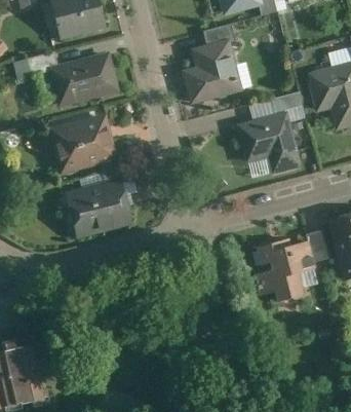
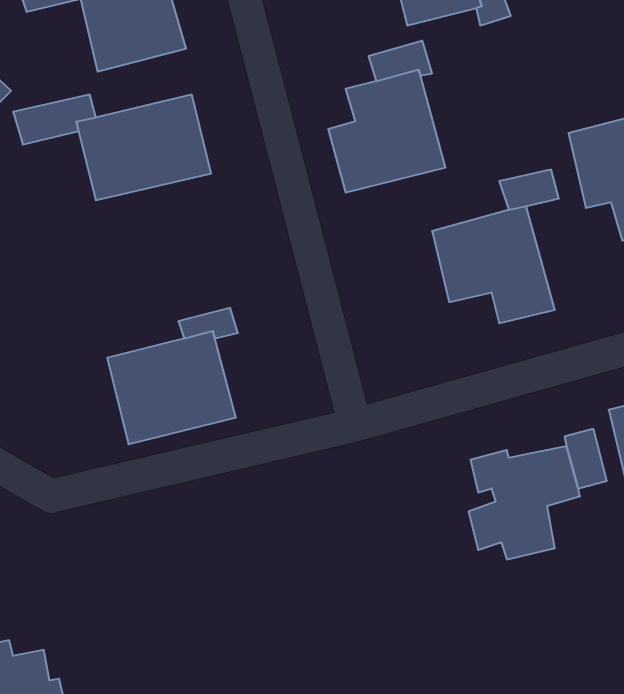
building: [44,113,115,175] -> none

